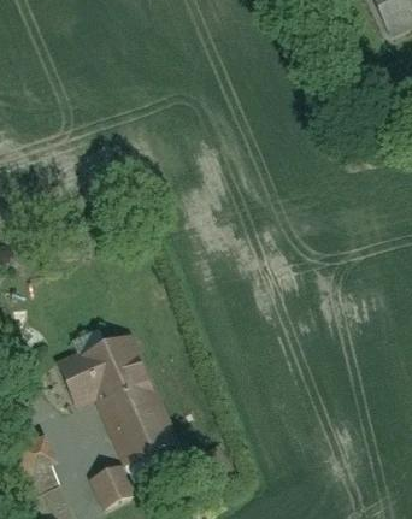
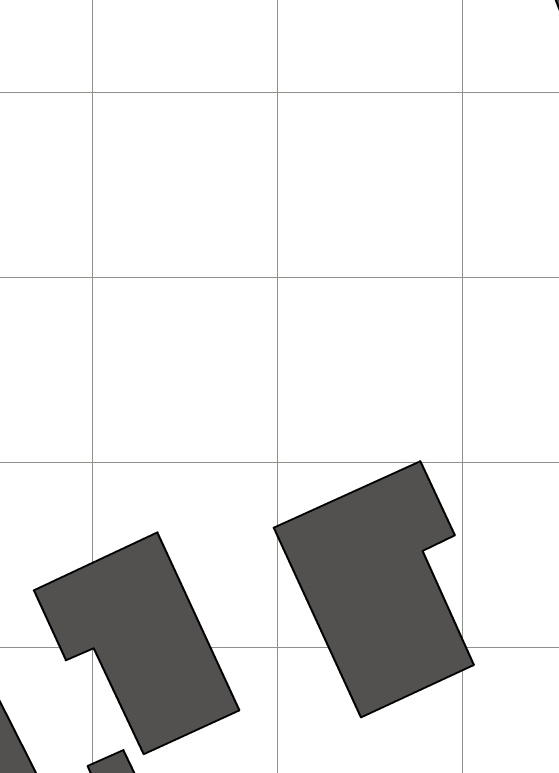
building: none -> [274,461,474,717]

